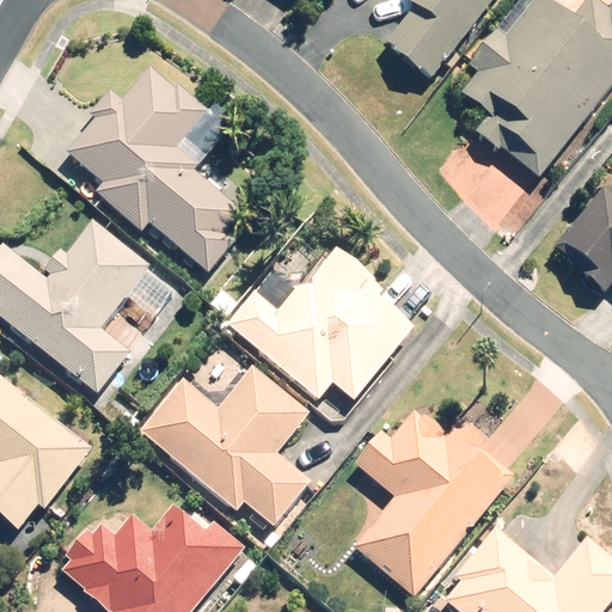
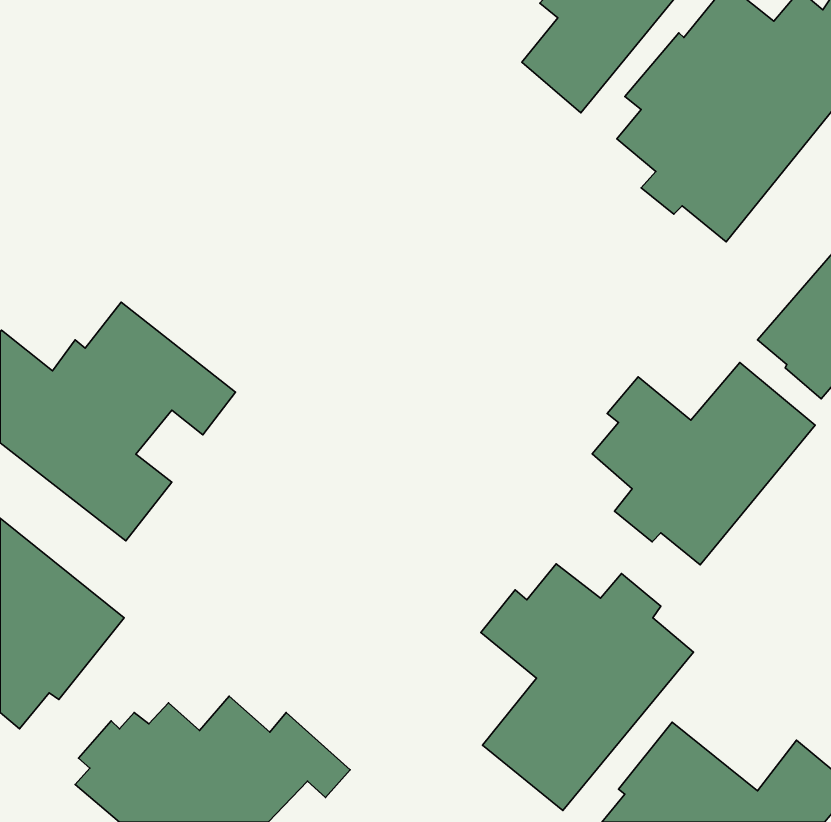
building: [65,67,252,270] -> none
building: [210,234,416,405] -> none
building: none -> [592,362,815,565]
building: [139,366,313,530] -> none

